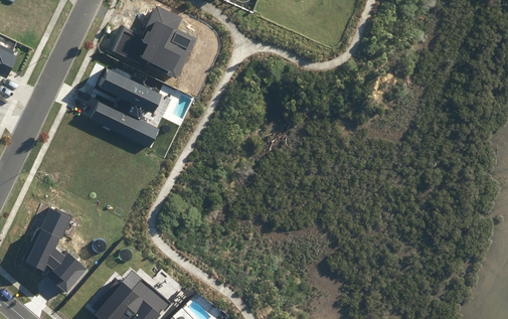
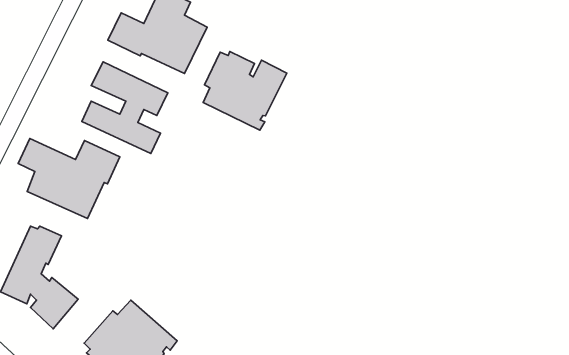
building: none -> [203,51,287,130]
building: none -> [18,138,120,219]

